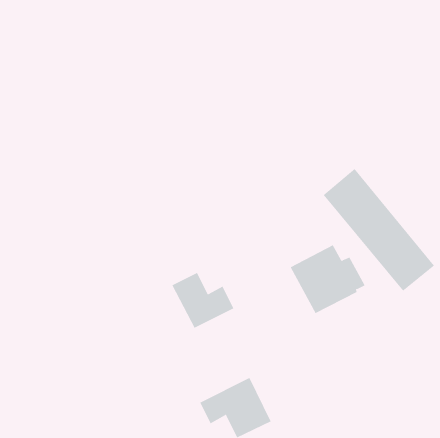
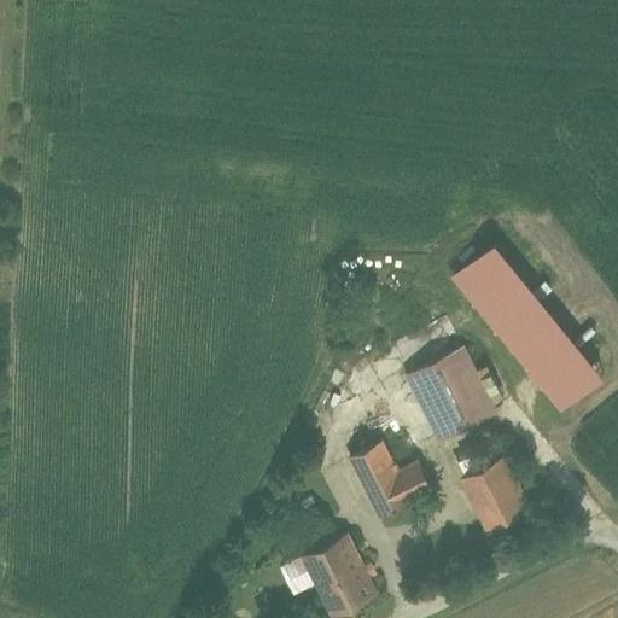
building: [172,272,234,328] -> [346,441,433,519]
building: none -> [457,456,531,532]

